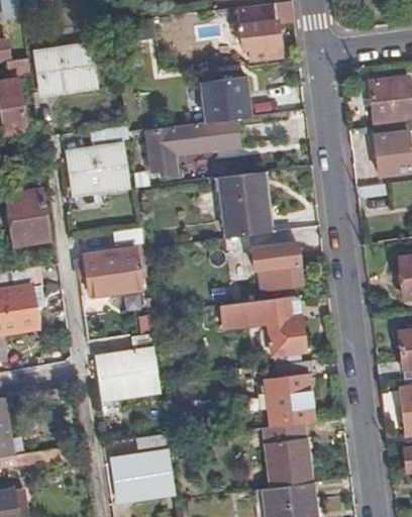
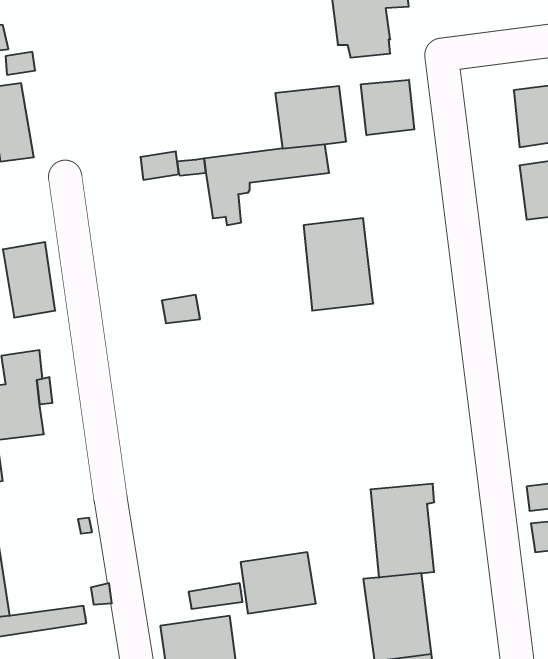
building: [38,45,94,92] -> none
building: none -> [361,80,414,135]
building: [74,149,127,205] -> none
building: [251,245,301,291] -> none
building: [88,251,141,295] -> none
building: [219,297,304,355] -> none
building: [103,353,157,397] -> [241,552,316,613]

